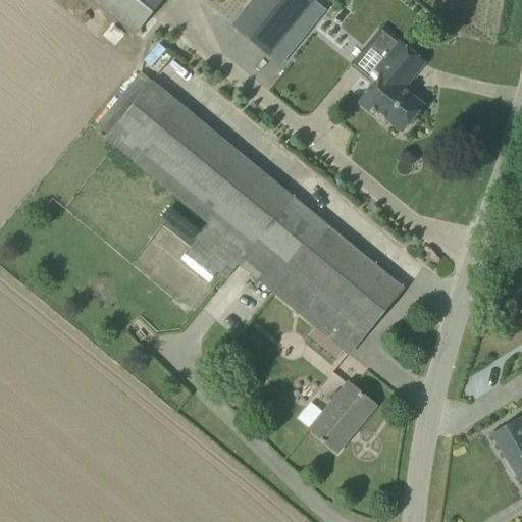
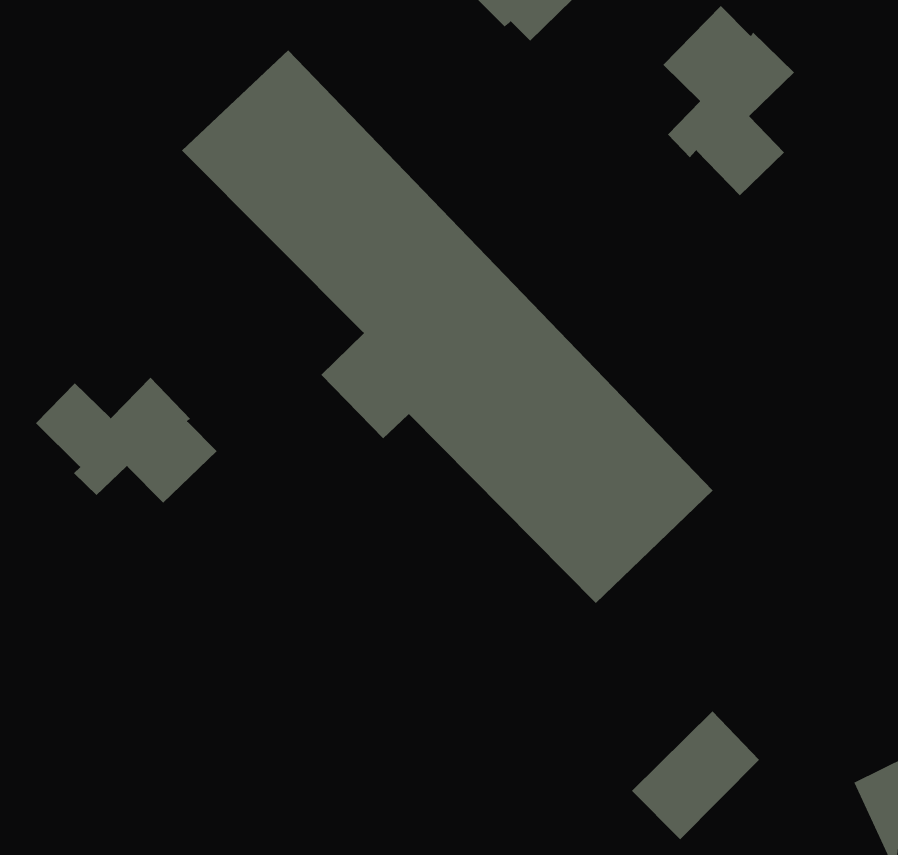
building: none -> [35,377,218,504]
building: [309,382,375,453] -> [631,711,760,840]

